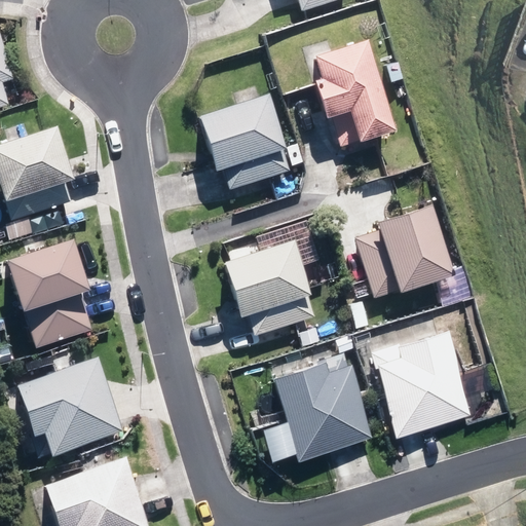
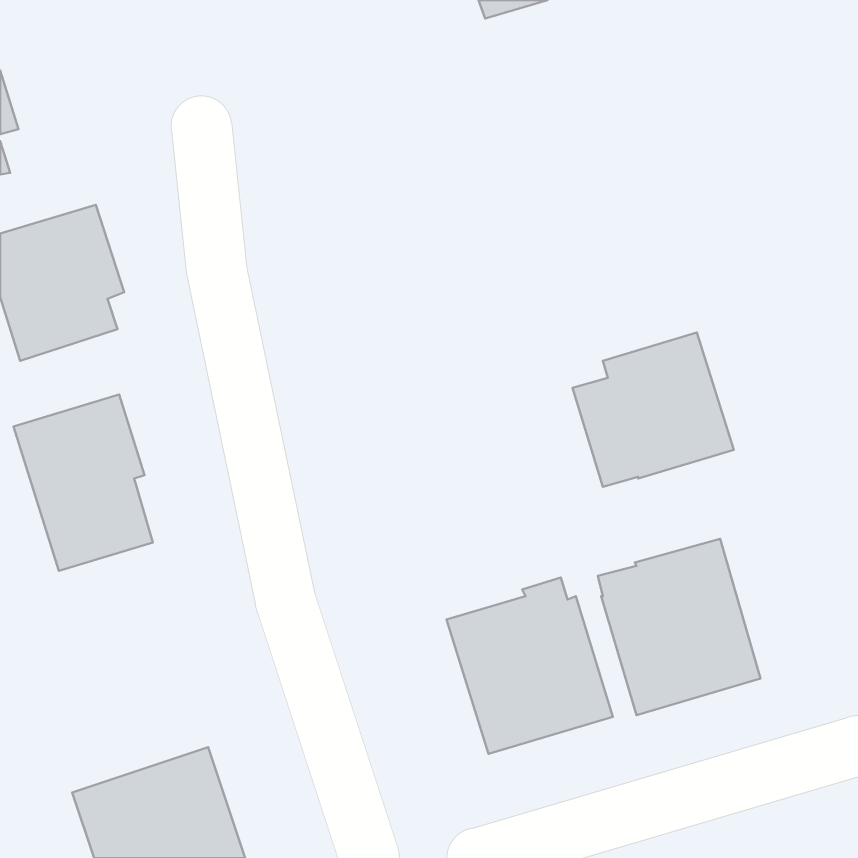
building: [306,39,388,143] -> none
building: [200,95,291,190] -> none
building: [225,240,315,335] -> none
building: [16,356,125,456] -> none

